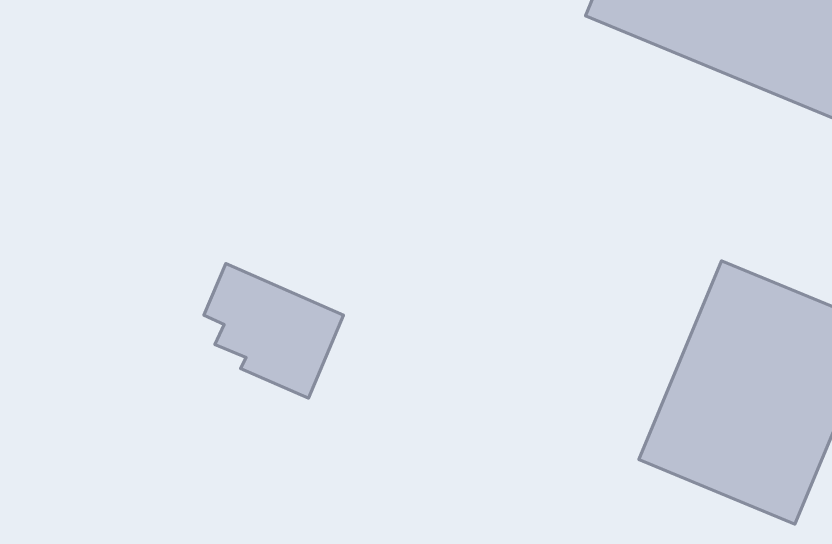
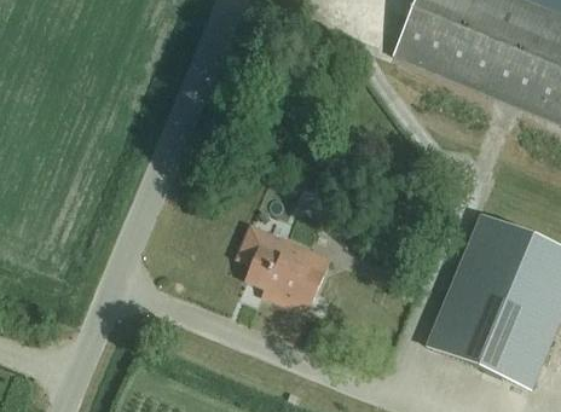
building: [204,264,344,398] -> [238,225,330,313]

